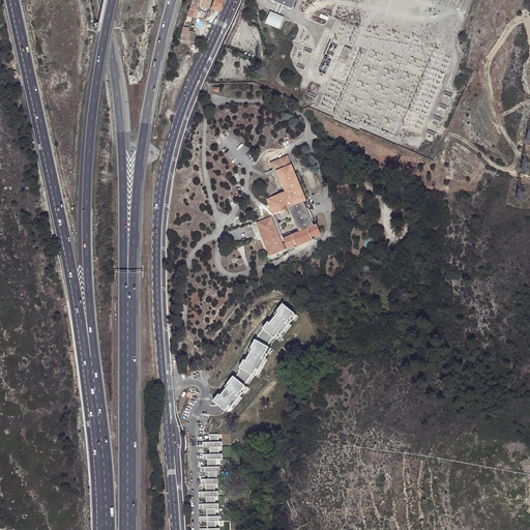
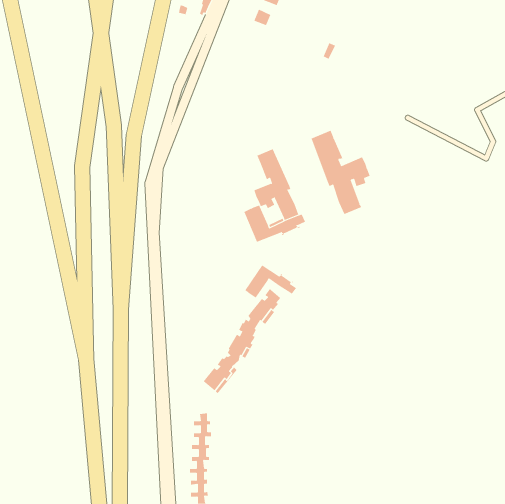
building: none -> [311,130,370,215]
building: none -> [245,265,297,298]

